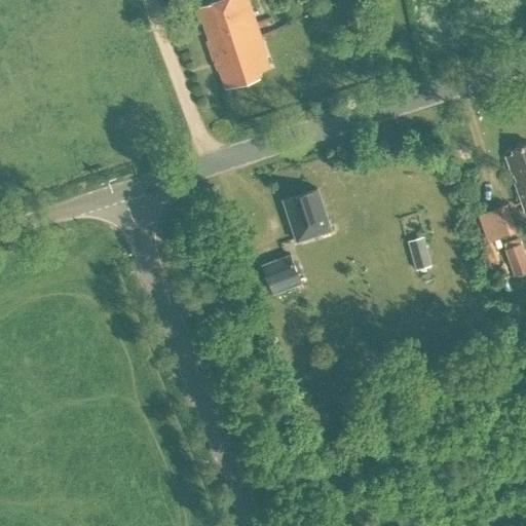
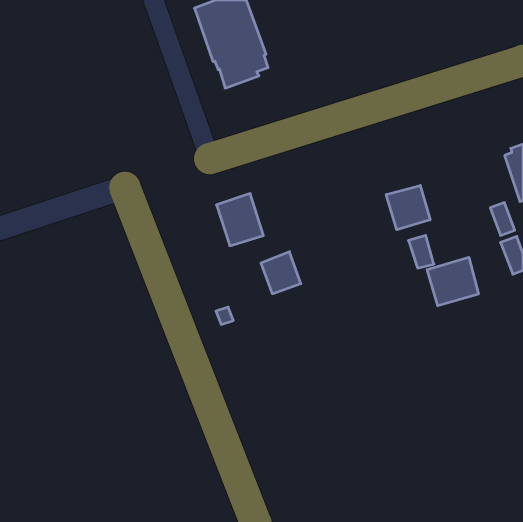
building: none -> [386,185,430,230]
building: [284,189,331,241] -> [216,194,263,246]
building: none -> [427,257,478,306]

